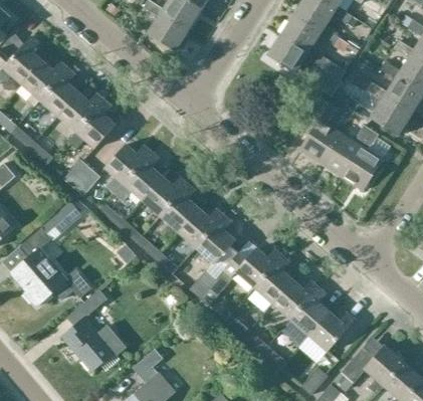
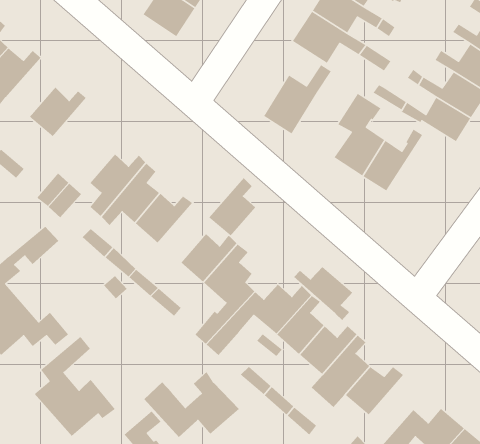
building: [39,68,78,116] -> none
building: none -> [263,64,332,134]
building: [68,101,116,149] -> none
building: [342,130,381,188] -> none
building: [160,184,198,231] -> [208,177,256,237]
building: none -> [293,266,353,321]
building: none -> [143,371,240,438]

